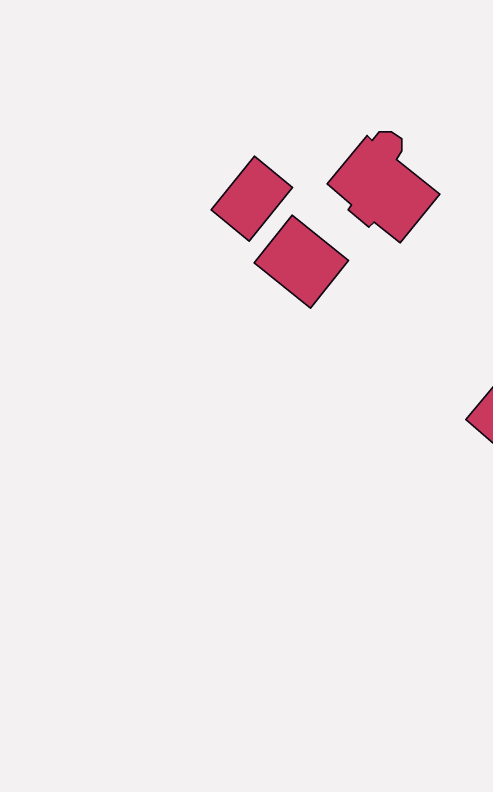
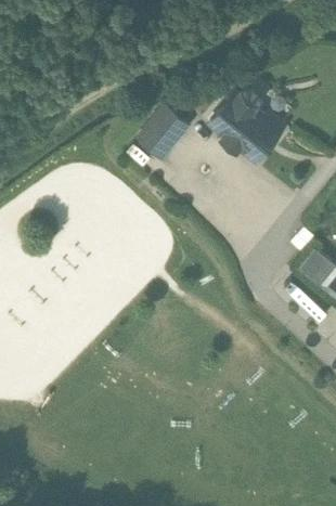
building: [254,215,349,308] -> none

